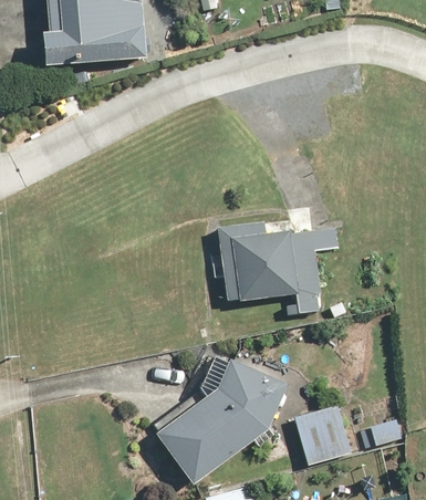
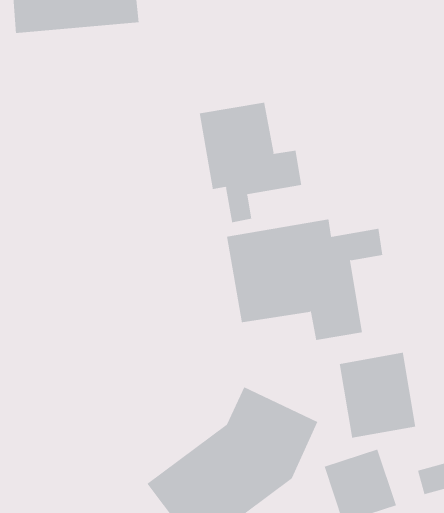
building: none -> [199,102,302,223]
building: none -> [339,352,416,439]

